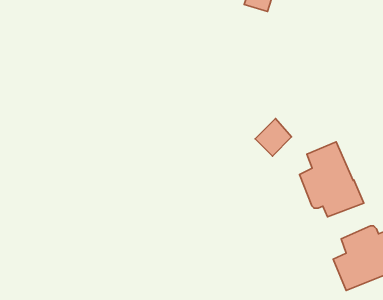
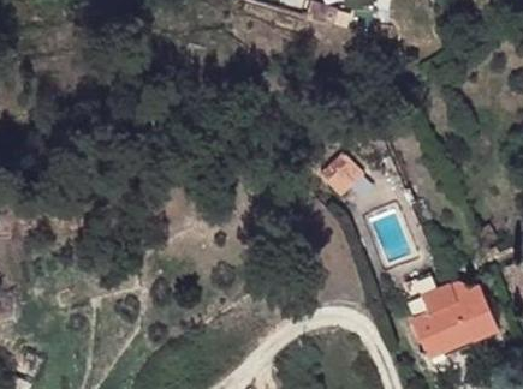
building: [300,142,364,217] -> none

